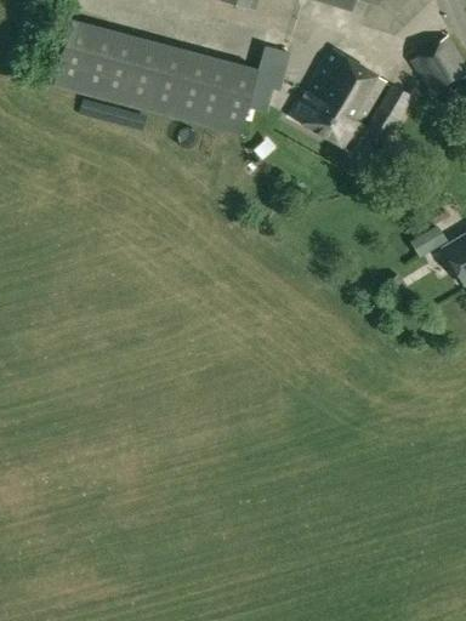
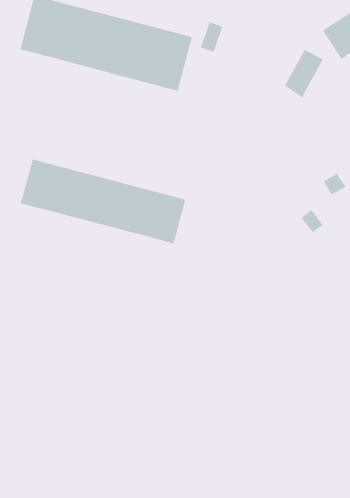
building: [290,50,386,152] -> none
building: none -> [20,159,186,245]

